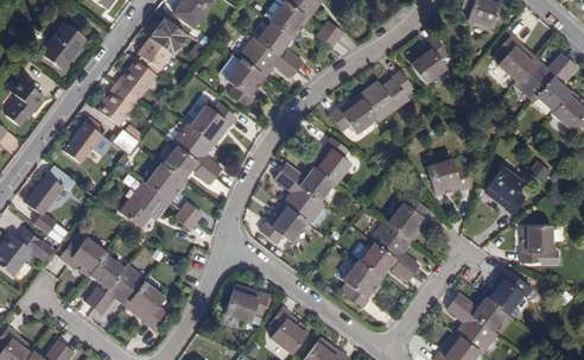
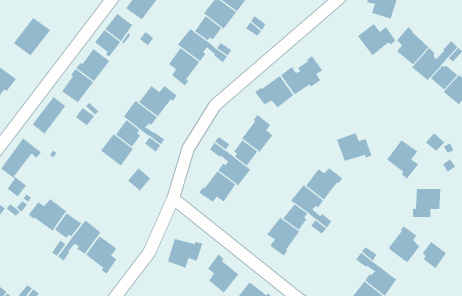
building: [406,44,452,83] -> [357,23,396,56]
building: [119,182,170,226] -> none
building: [477,299,507,333] -> [422,241,447,269]

